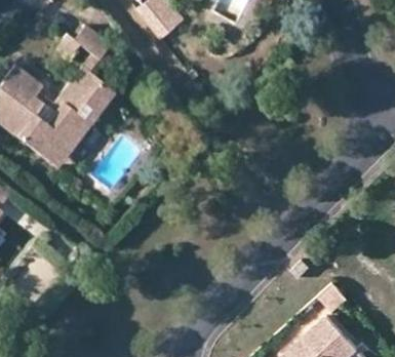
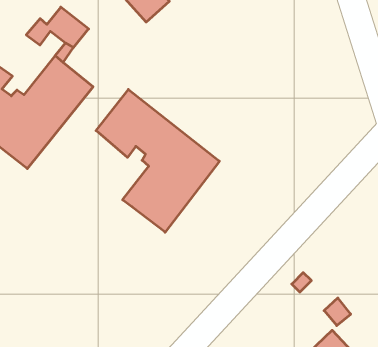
building: none -> [96,89,219,232]

